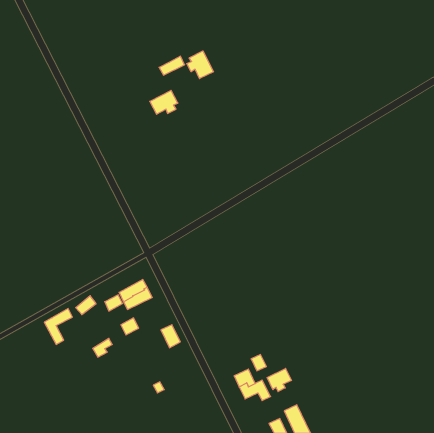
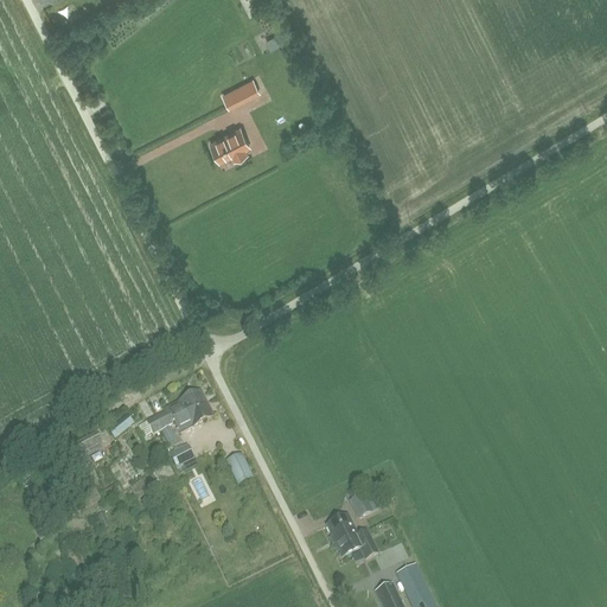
building: [187,51,213,79] -> none
building: [267,368,291,392] -> none

